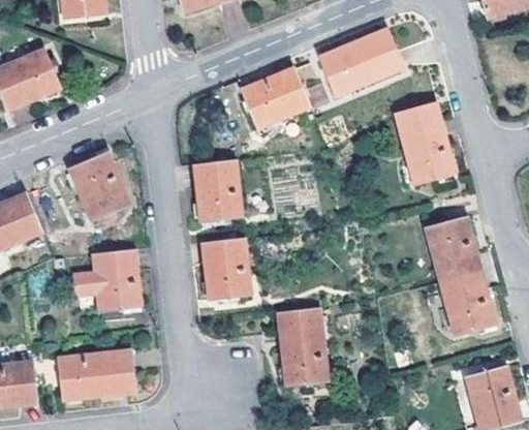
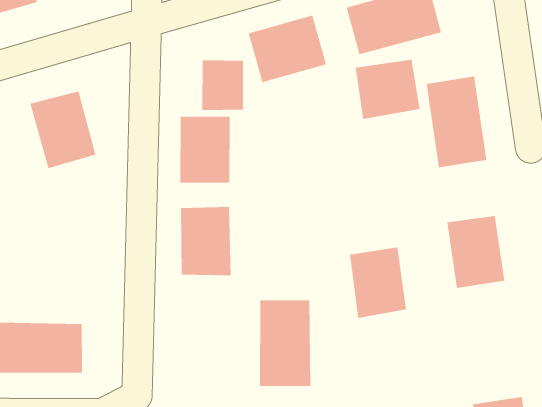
building: none -> [355,59,420,120]
building: none -> [202,60,244,111]
building: [90,250,139,310] -> none
building: [440,272,494,336] -> [349,247,407,319]

